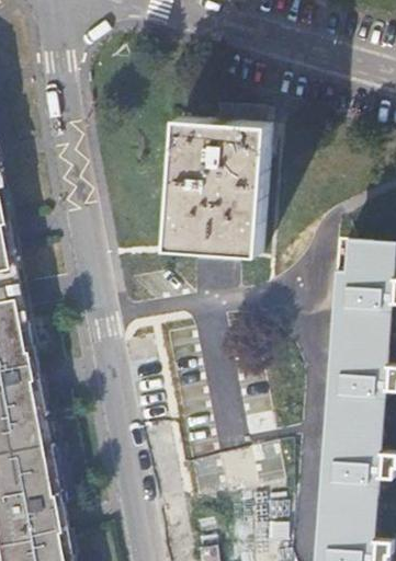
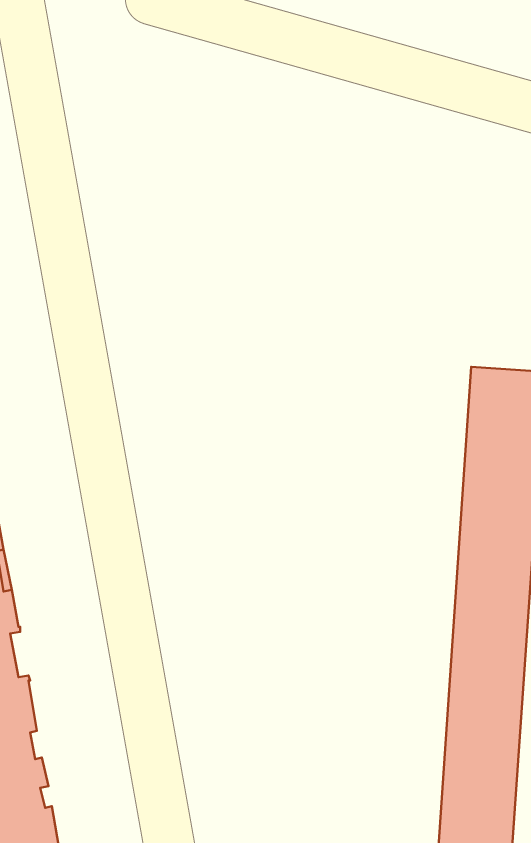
building: [169,110,268,252] -> none

